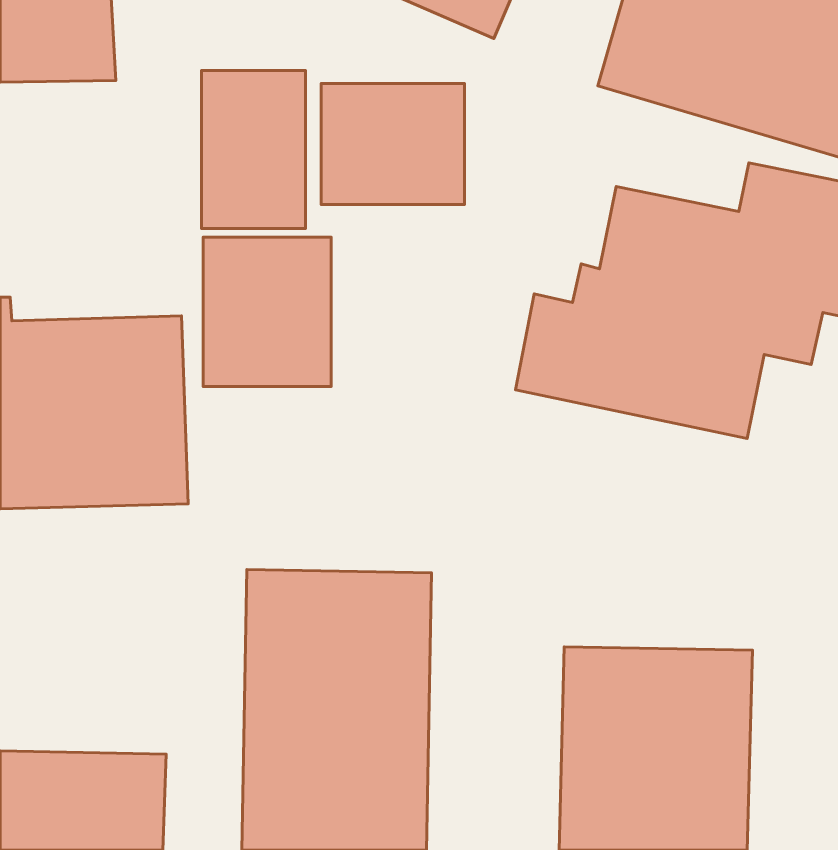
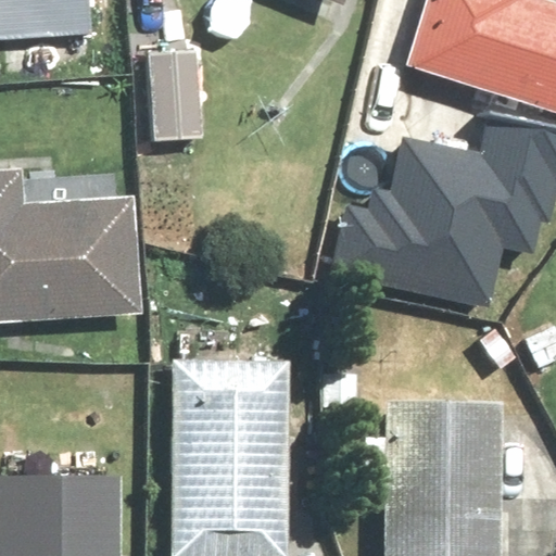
building: [321,84,464,205] -> none
building: [203,237,331,386] -> none

